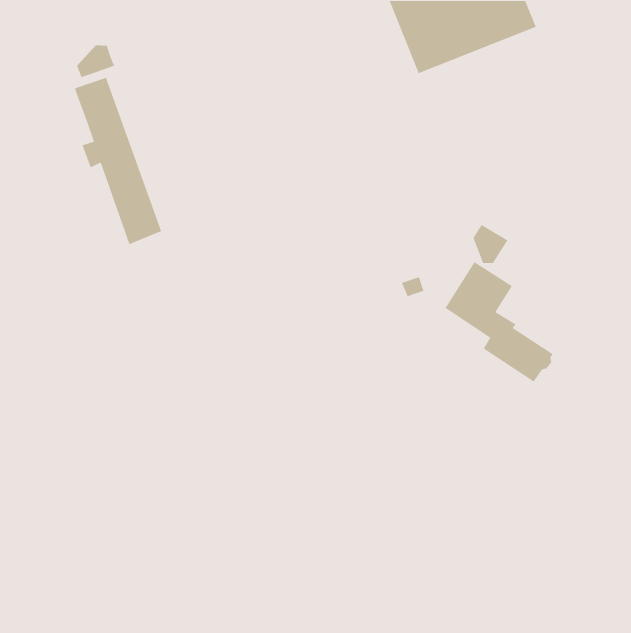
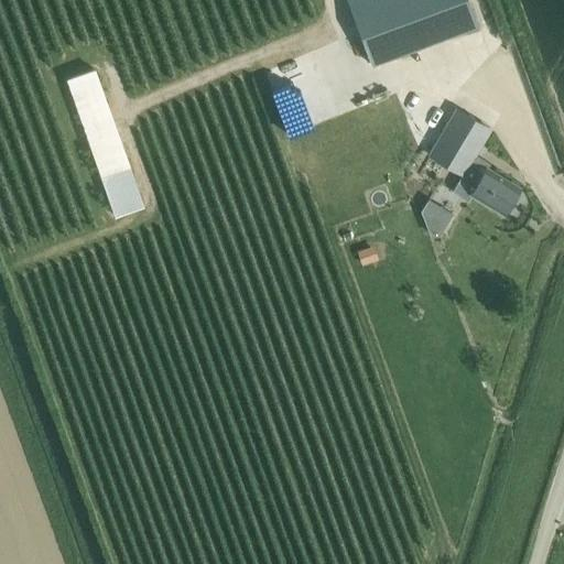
building: [76,44,115,78] -> none
building: [445,261,554,382] -> [425,106,522,214]

